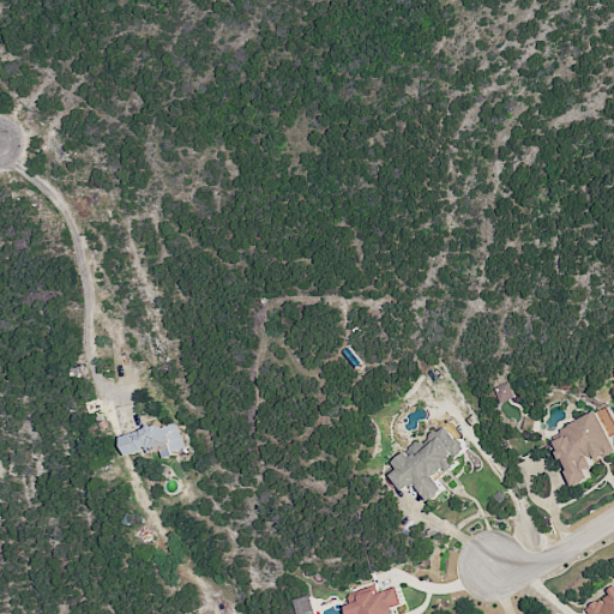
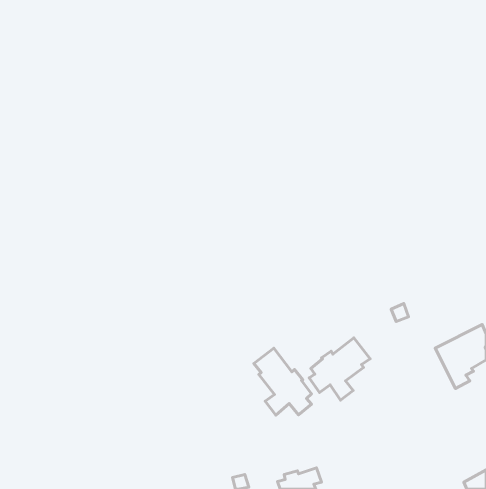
building: [120,420,182,456] -> none
building: none -> [254,348,312,415]

